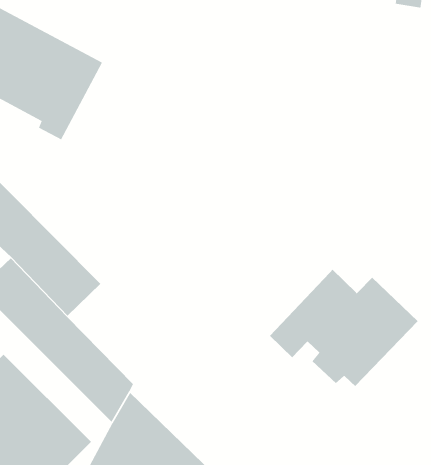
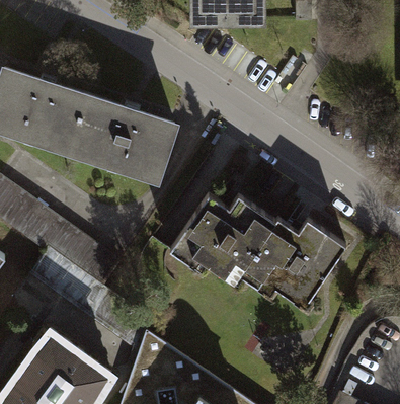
building: none -> [67,99,175,188]
building: none -> [167,194,274,284]

